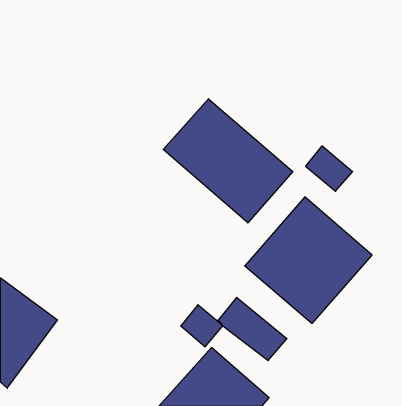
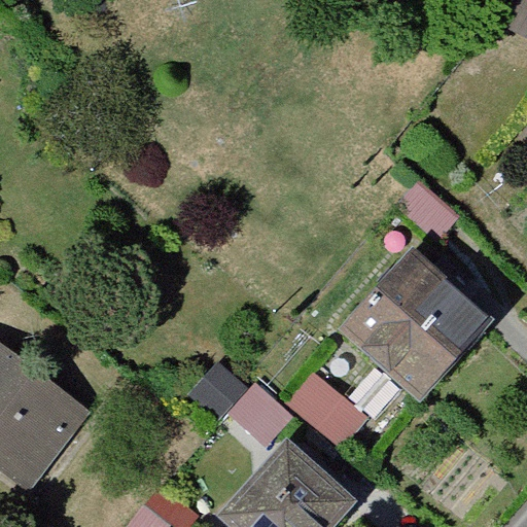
building: [163,99,293,223] -> none

